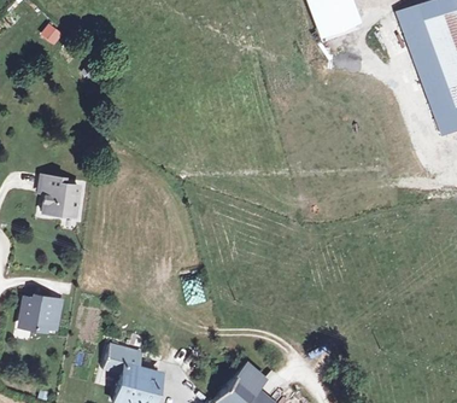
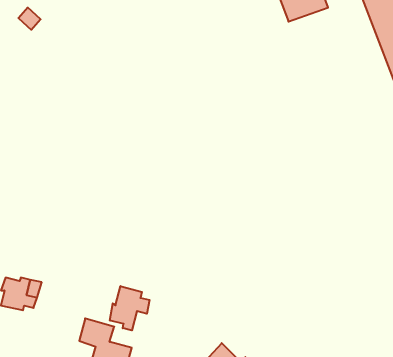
building: [41,176,81,217] -> none
building: none -> [110,286,150,330]

